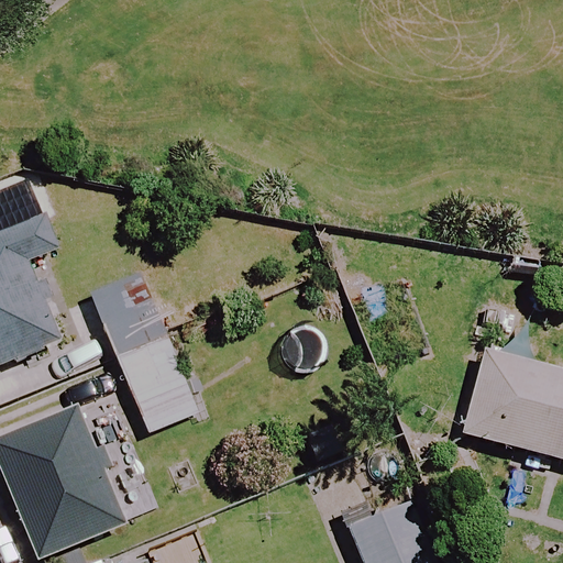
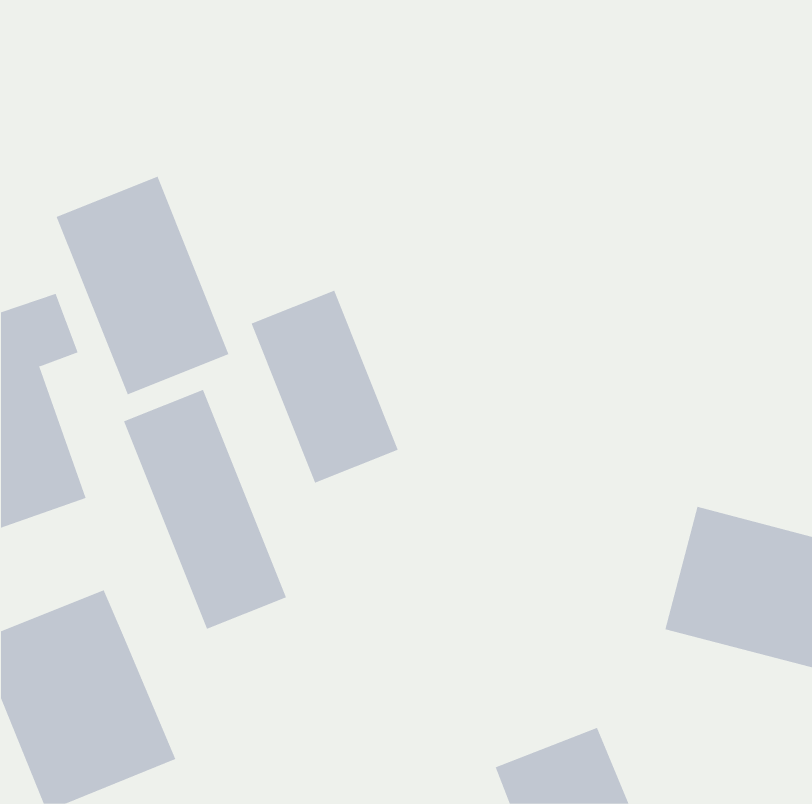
building: none -> [56,176,229,395]
building: none -> [251,290,398,484]

